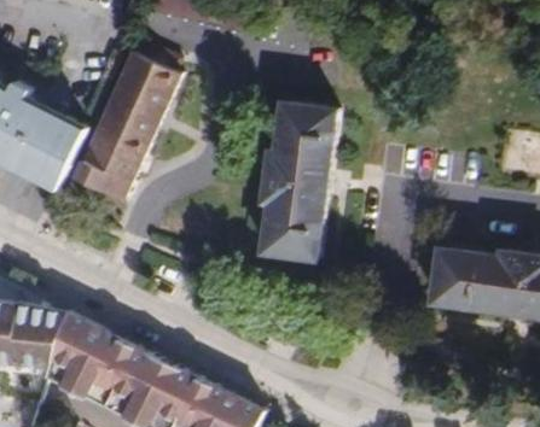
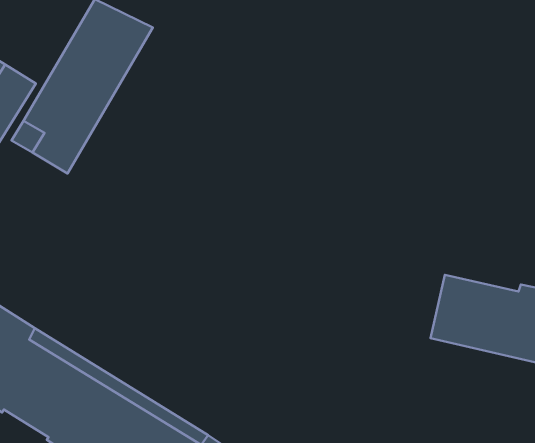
building: [262,101,337,258] -> none

